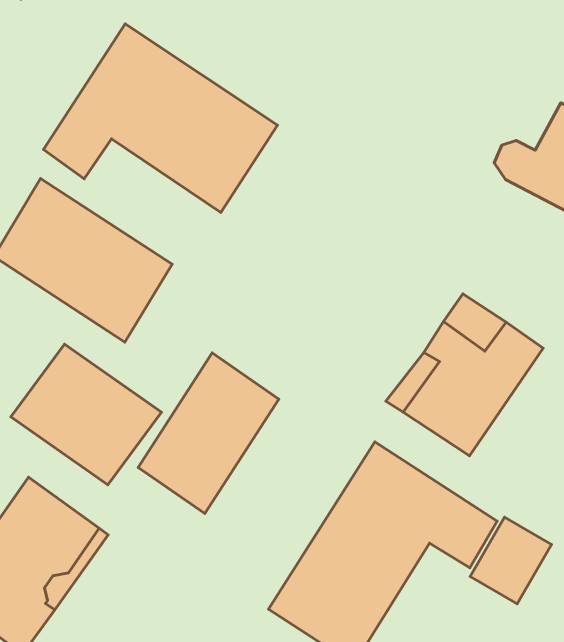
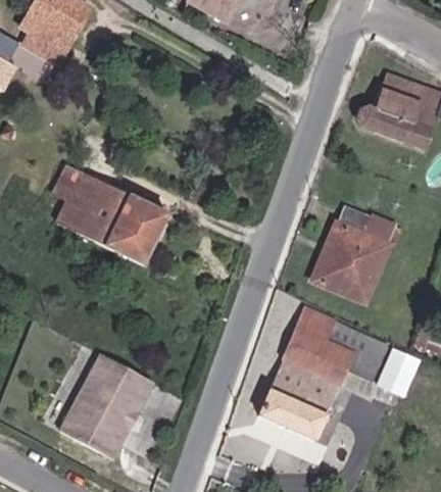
building: [44,24,278,212] -> none
building: [11,344,162,485] -> none
building: [138,353,279,514] -> none

